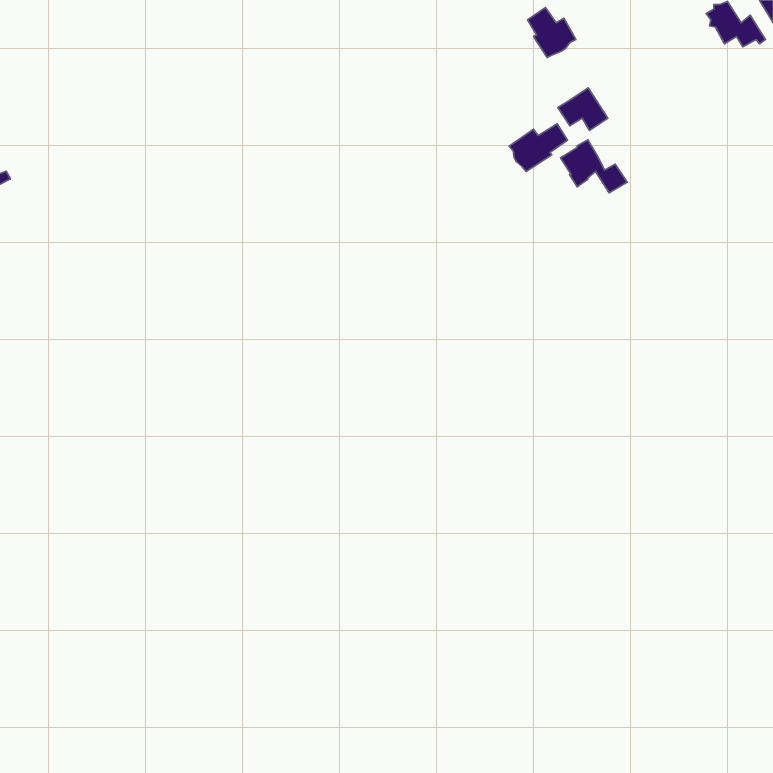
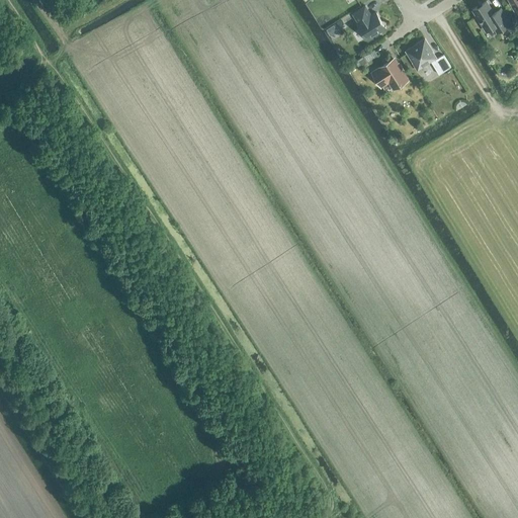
building: [509,124,568,171] -> none
building: [561,140,627,193] -> [406,39,450,75]

